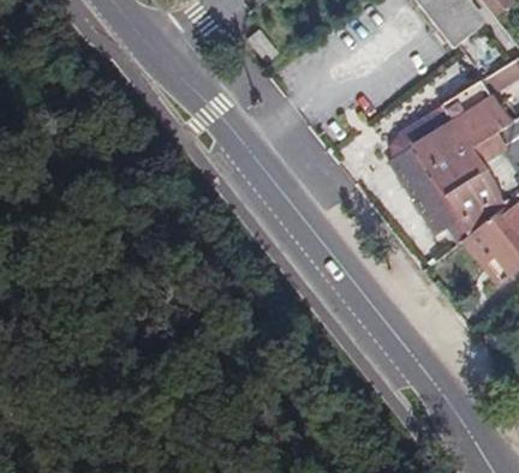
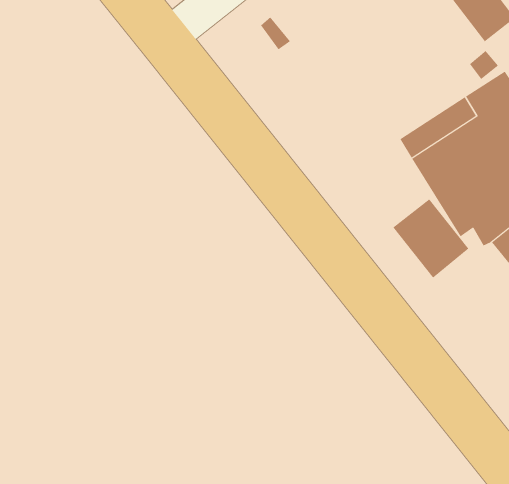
building: none -> [392,199,469,279]

